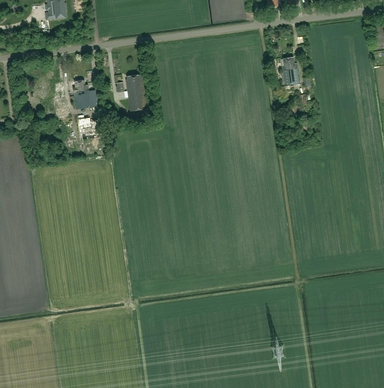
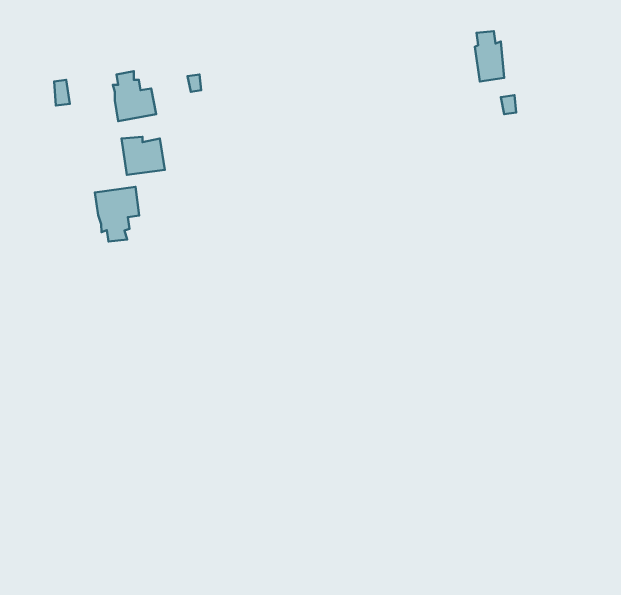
building: [126,74,147,111] -> none
building: none -> [95,187,139,242]

